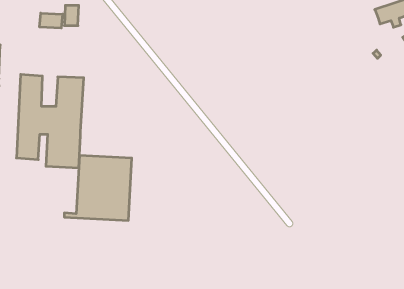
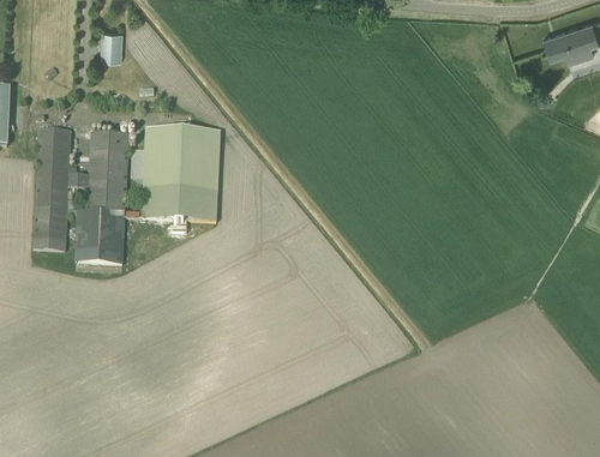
building: [40,13,63,28] -> none
building: [64,156,132,220] -> [124,131,220,223]

